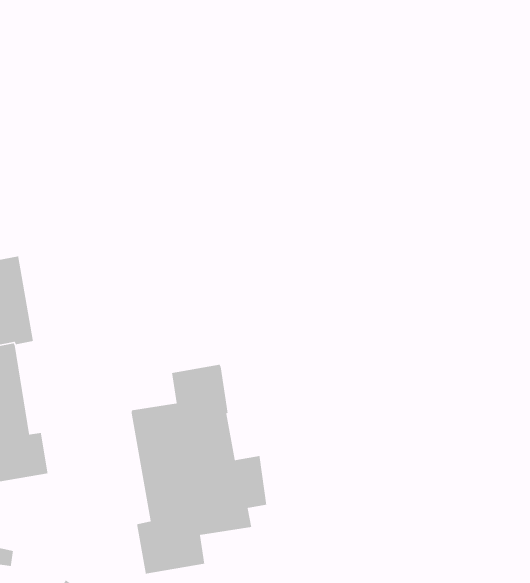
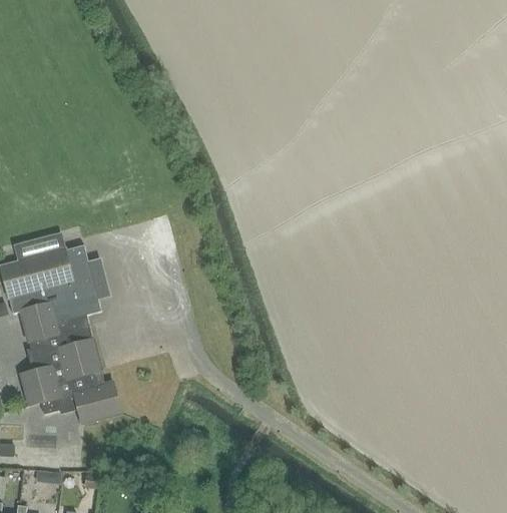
building: [131,364,267,574] -> none

